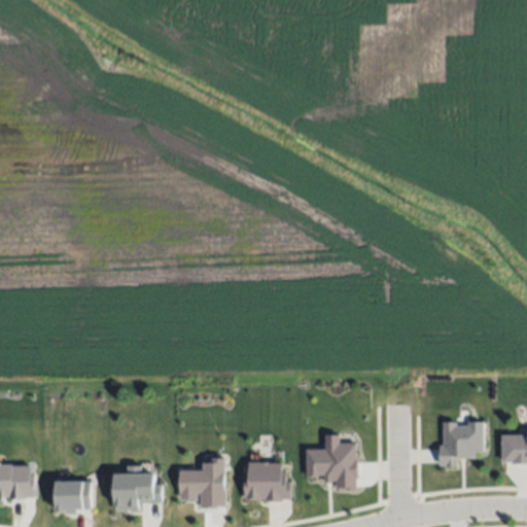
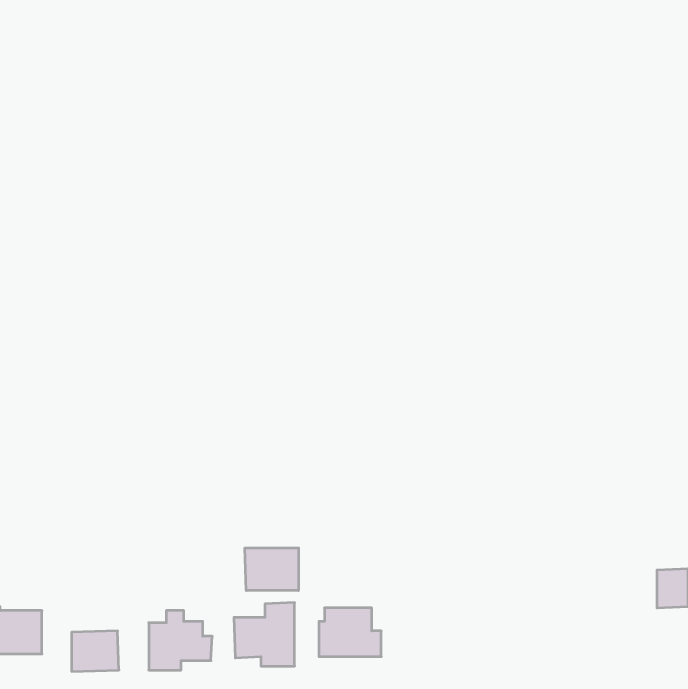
building: none -> [245,548,299,591]
building: [440,422,484,466] -> none
building: [305,434,356,488] -> none

